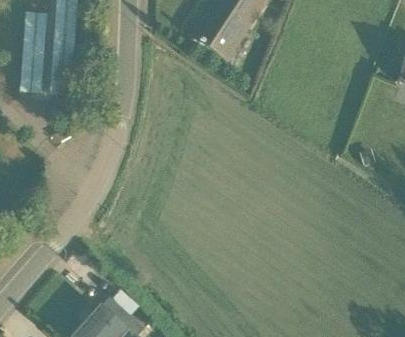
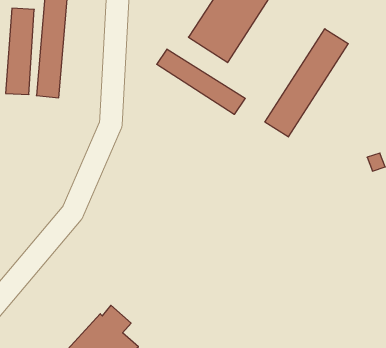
building: none -> [265,29,348,137]
building: none -> [157,49,245,114]

